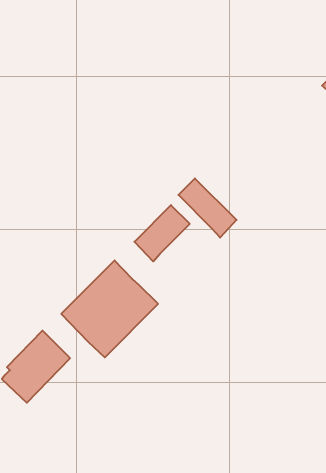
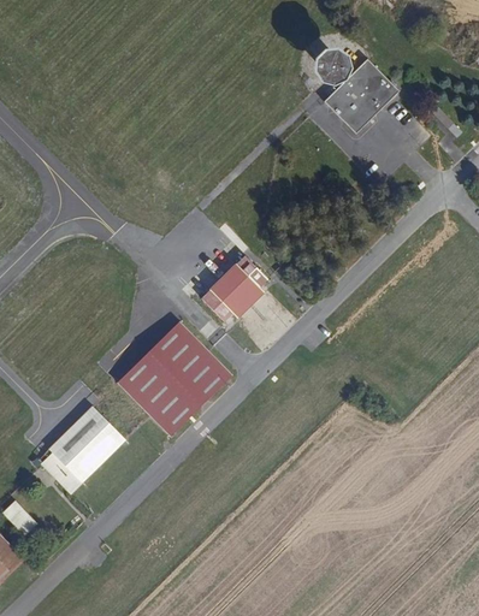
building: none -> [312,41,398,135]
building: [178,178,237,238] -> none

